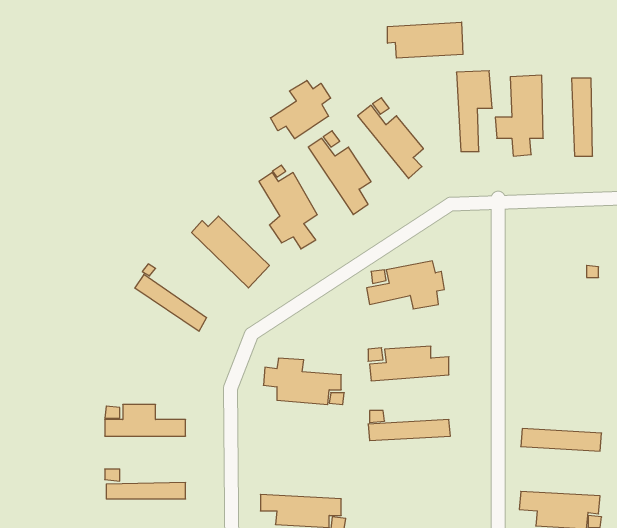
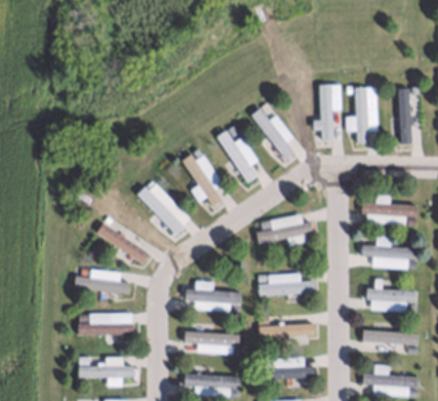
building: [387,22,463,58] -> none
building: [270,80,331,139] -> none
building: none -> [362,195,416,225]
building: none -> [362,236,417,270]
building: none -> [74,269,130,293]
building: none -> [367,288,416,312]
building: none -> [184,331,239,355]
building: none -> [260,357,316,380]

